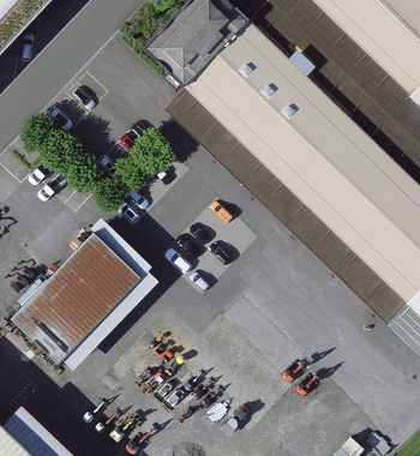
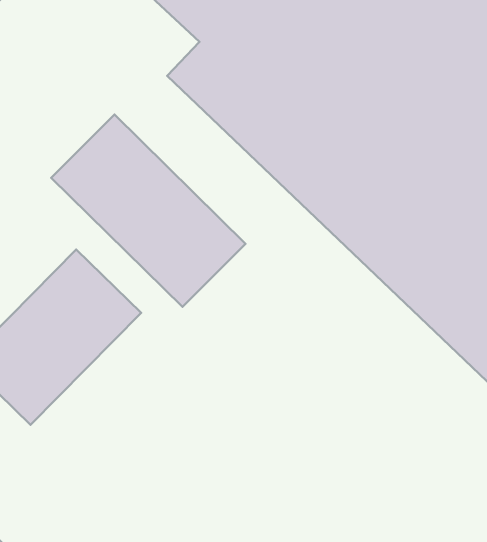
building: none -> [51,115,246,307]

